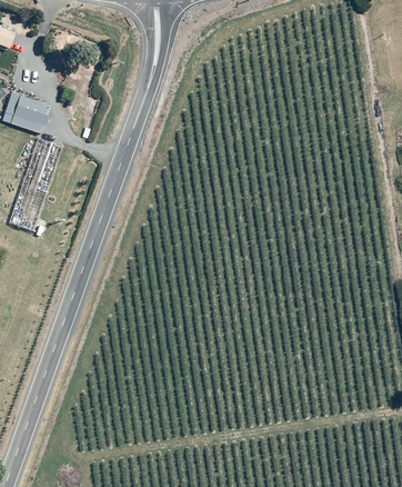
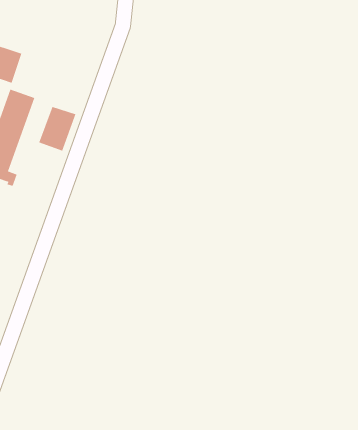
building: none -> [39,106,76,152]

